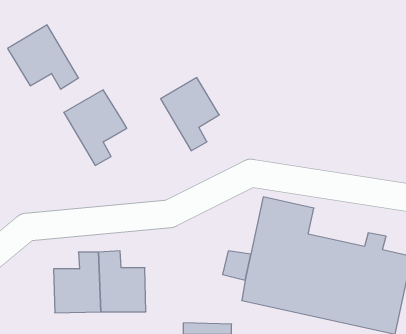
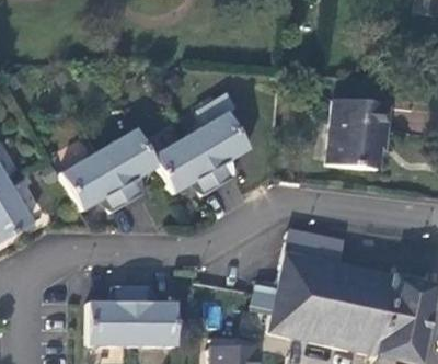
building: [8,25,79,89] -> [59,146,128,208]
building: none -> [333,103,391,170]
building: none -> [154,133,221,193]

